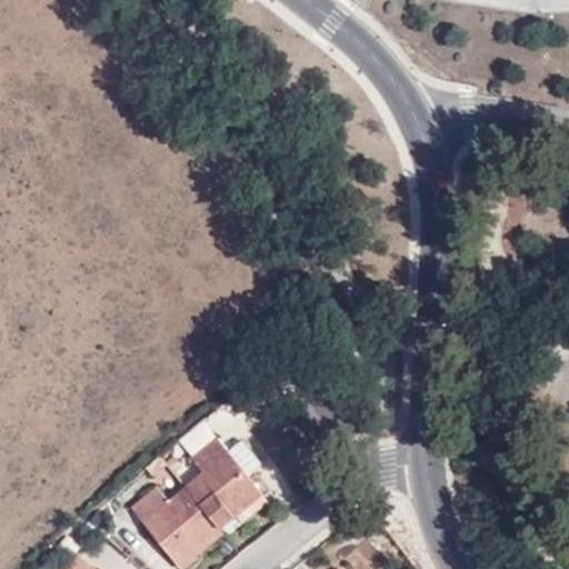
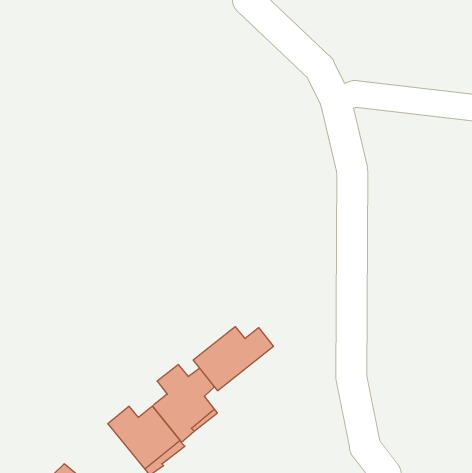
building: none -> [193,327,273,391]

